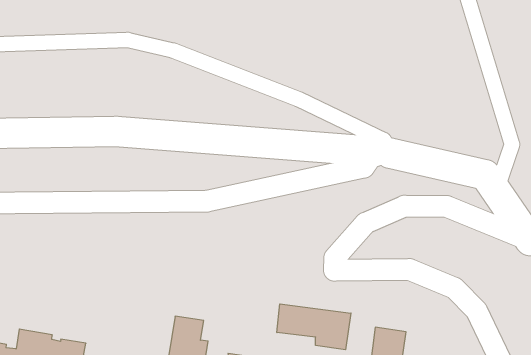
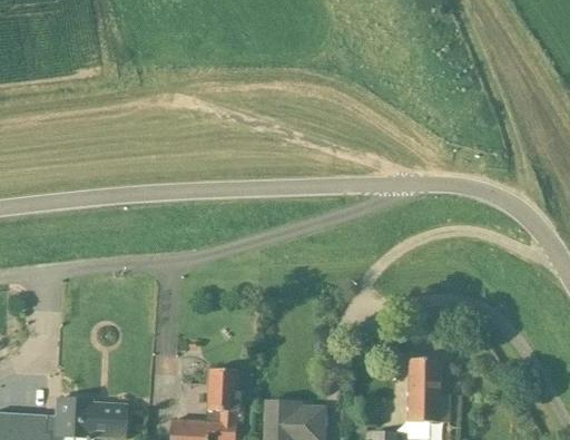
building: [277,304,351,350] -> none

